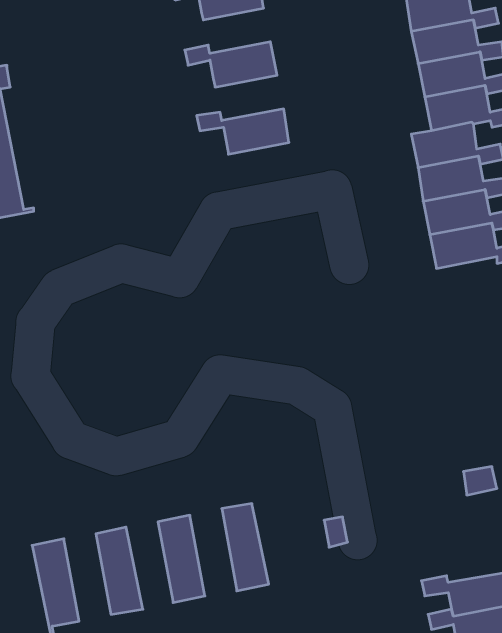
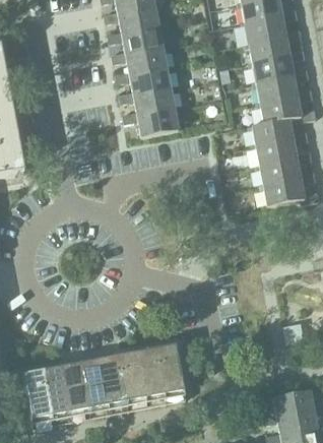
building: none -> [112,48,168,75]
building: none -> [120,88,176,116]
building: none -> [156,343,186,398]
building: none -> [119,351,147,403]
building: none -> [80,359,109,412]
building: none -> [43,366,71,419]

